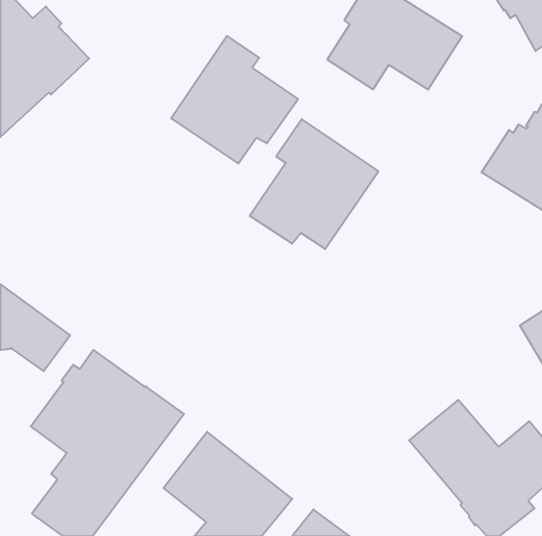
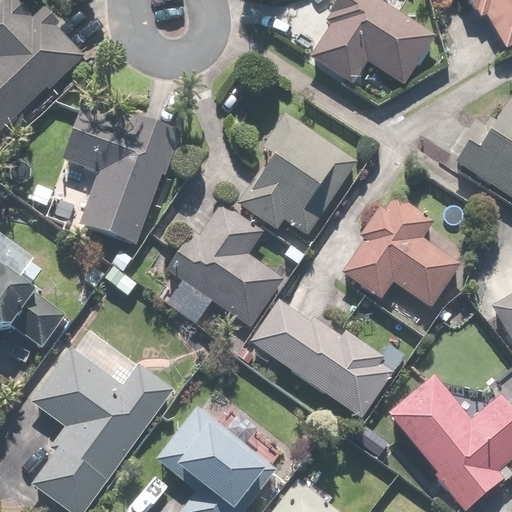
building: [171,36,298,164] -> none
building: none -> [62,106,180,245]
building: none -> [341,194,461,307]
building: none -> [166,202,284,326]
building: none -> [249,299,393,417]

